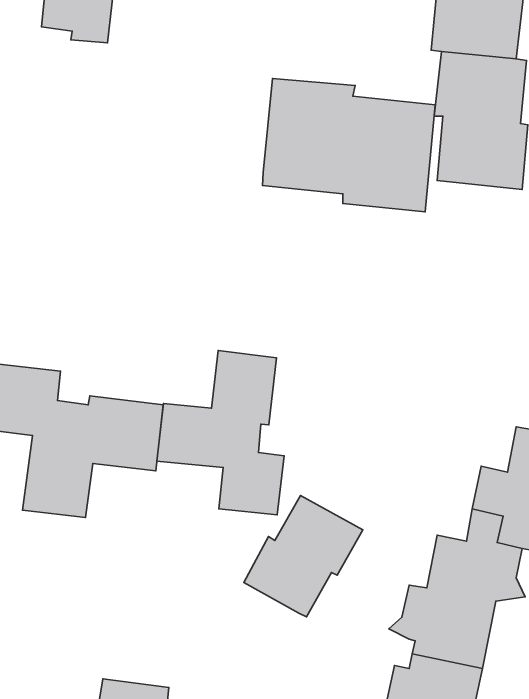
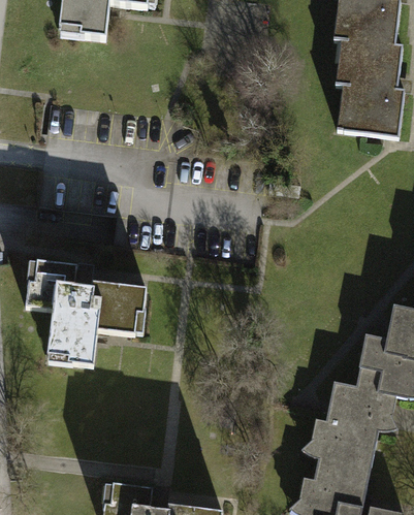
building: [262,79,435,212] -> none
building: [157,351,284,515] -> none
building: [244,495,363,617] -> none

